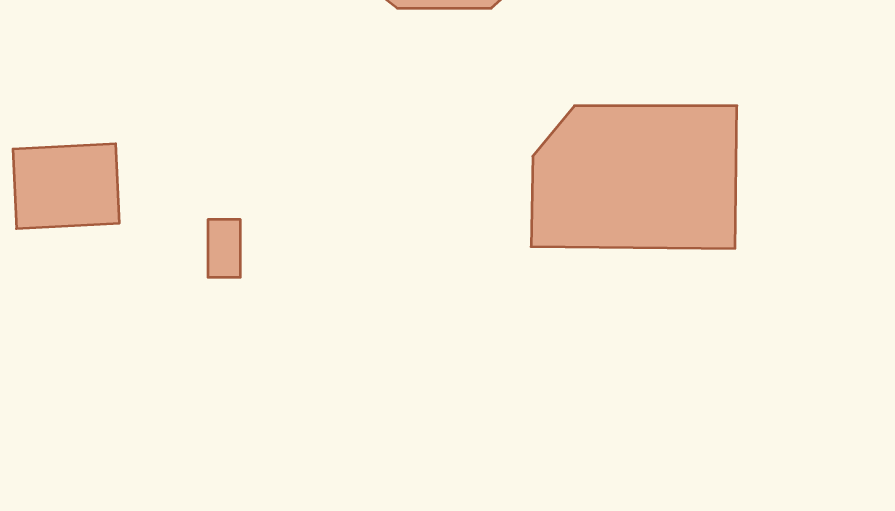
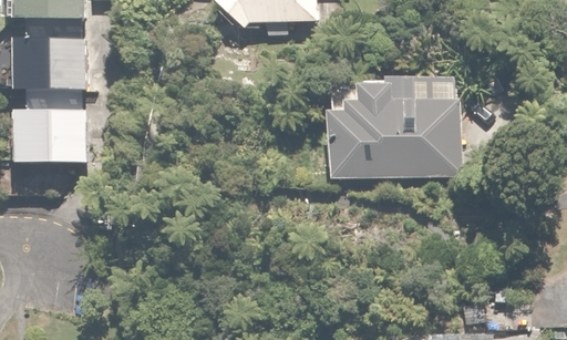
building: none -> [17,38,82,90]

